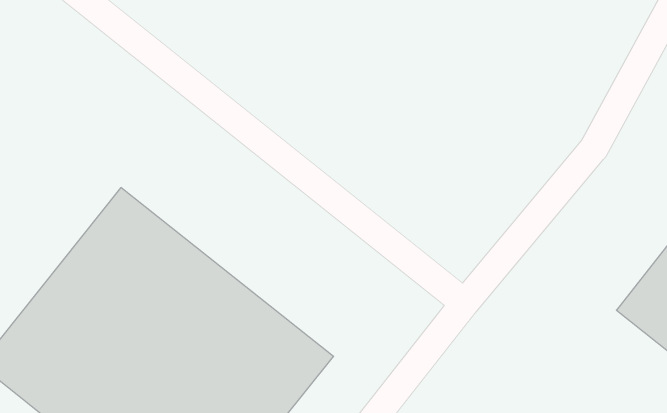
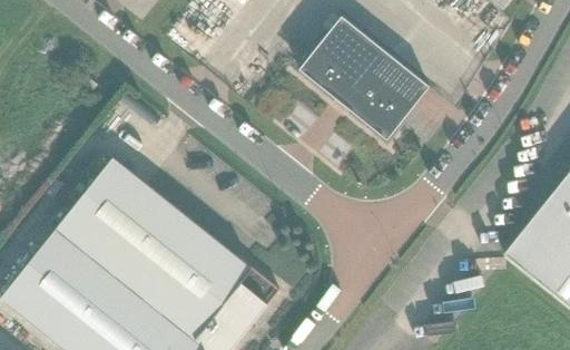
building: none -> [299,16,429,138]

